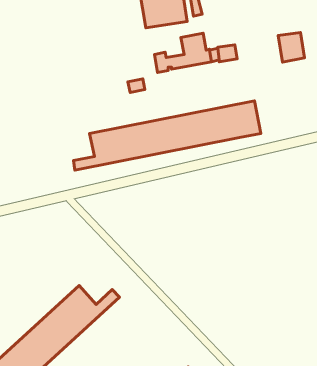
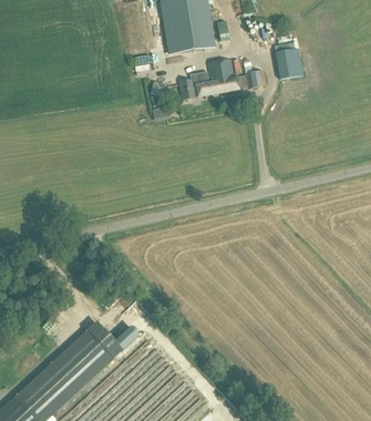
building: [278,32,305,62] -> [274,47,301,78]
building: [73,101,261,170] -> none

